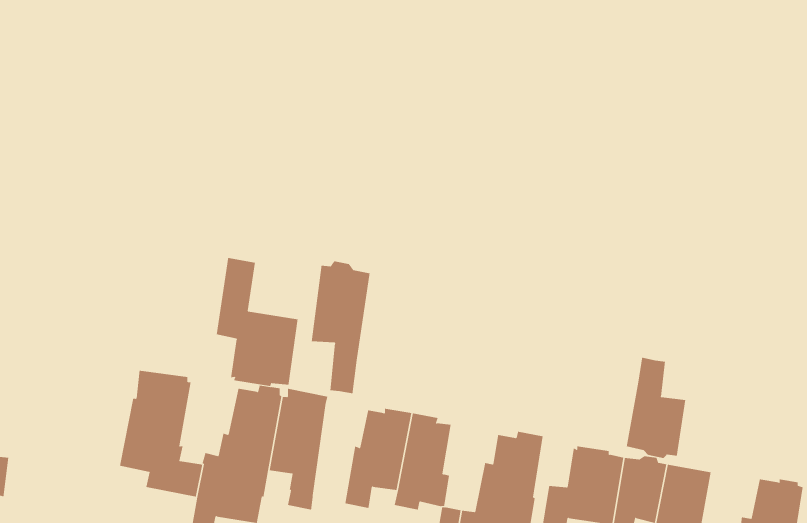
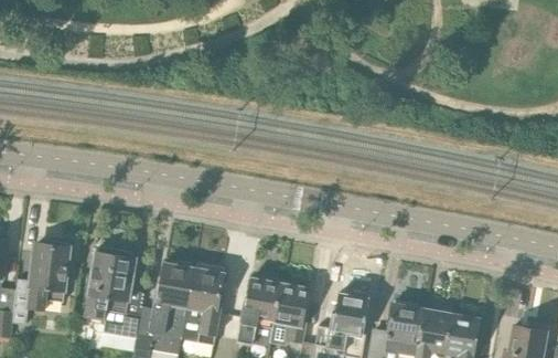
building: [216,257,298,387] -> none
building: [311,260,370,394] -> none
building: none -> [13,242,71,325]
building: [626,357,686,459] -> none

